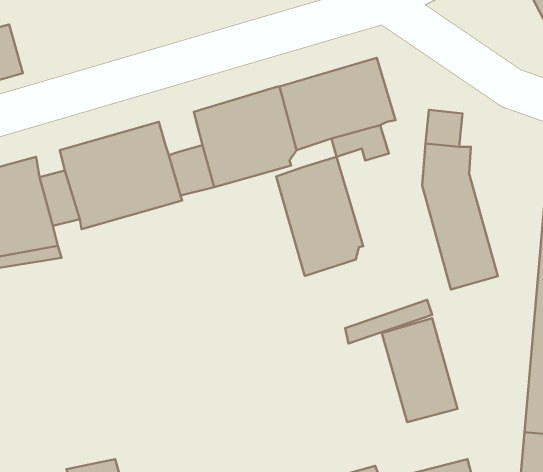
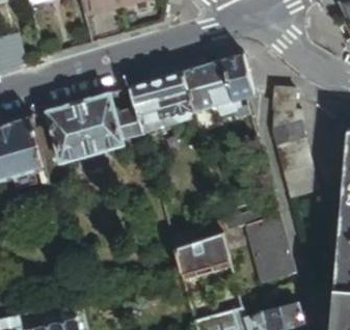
building: [276,157,363,276] -> none
building: none -> [173,231,232,280]

